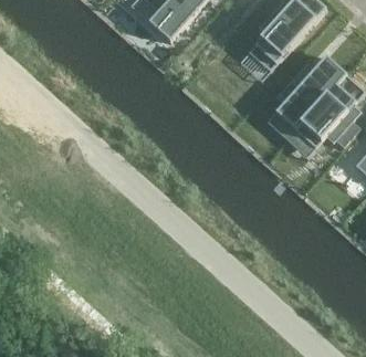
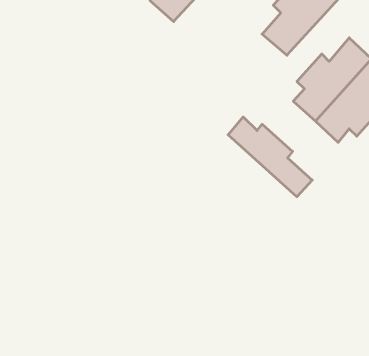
building: none -> [228,117,312,197]

